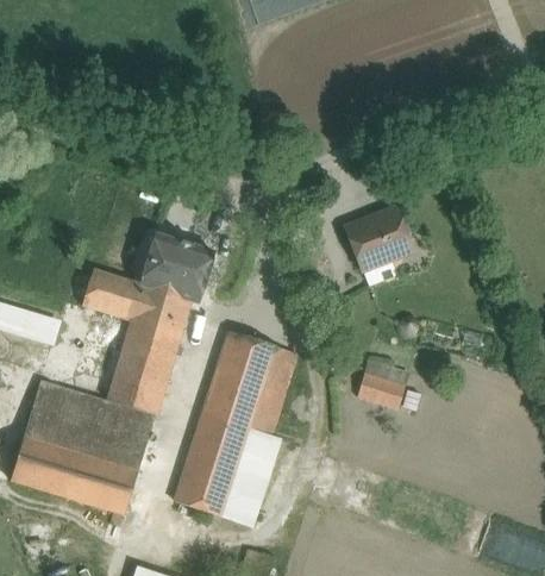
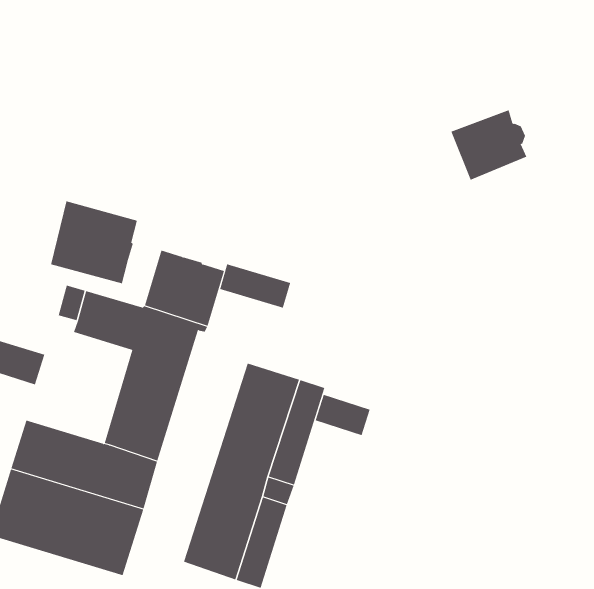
building: none -> [51,201,138,284]
building: [345,208,411,269] -> [451,109,527,180]
building: none -> [219,263,291,309]
building: [357,372,405,408] -> [315,394,370,436]

